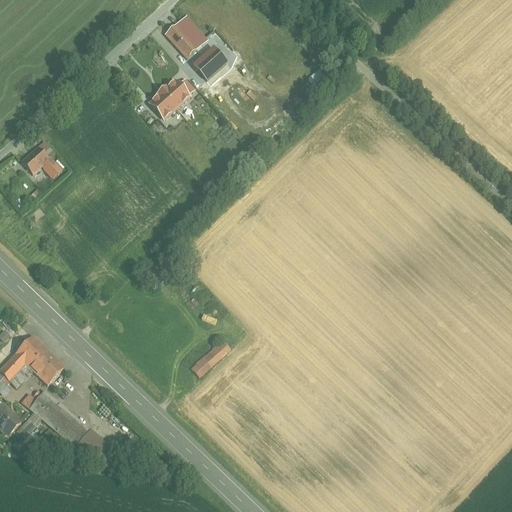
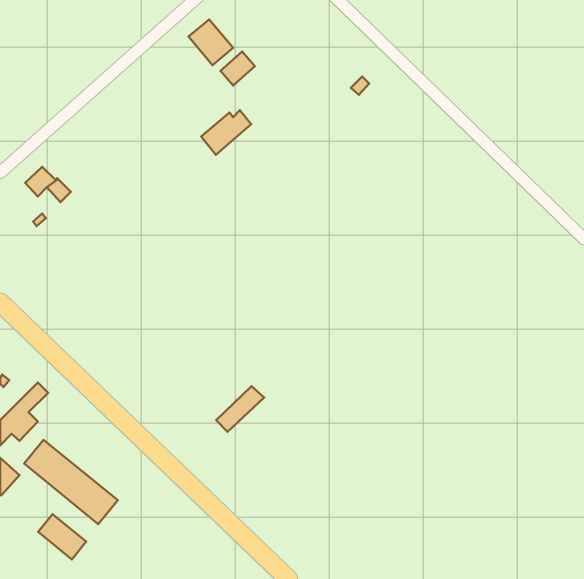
building: [151,79,195,118] -> [201,110,251,155]
building: [25,344,65,384] -> none
building: none -> [38,514,86,559]

